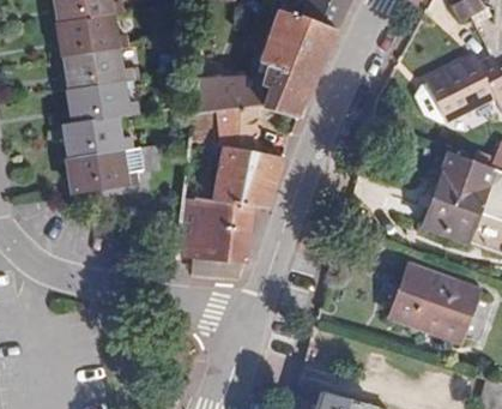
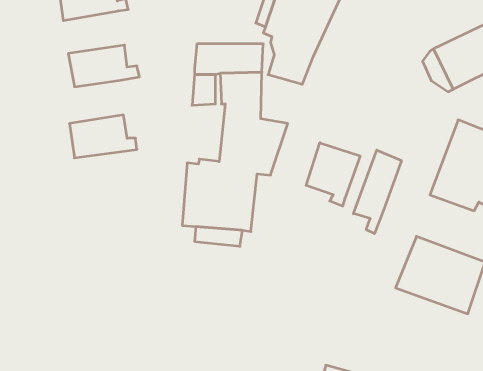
building: [65,47,133,89] -> none
building: [65,115,131,157] -> none
building: none -> [306,143,360,206]
building: none -> [353,150,401,234]

